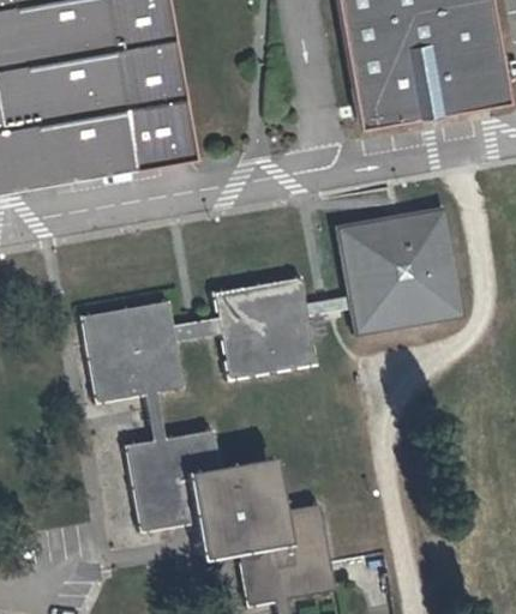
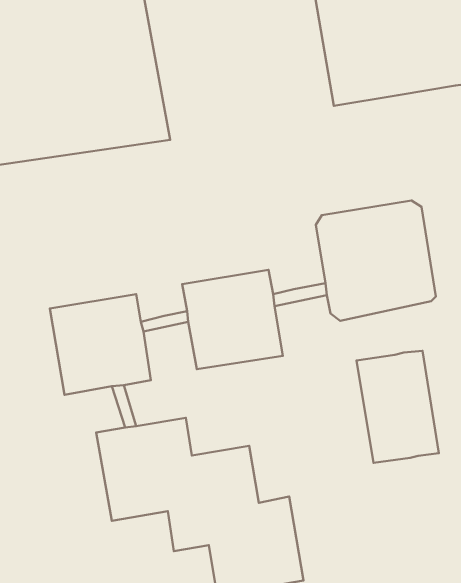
building: none -> [357,351,439,463]

